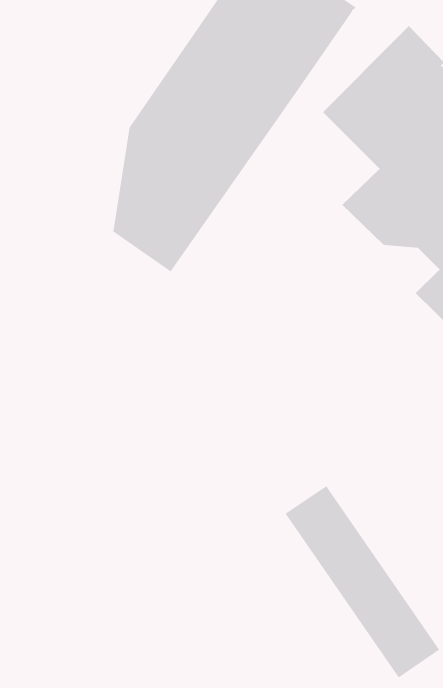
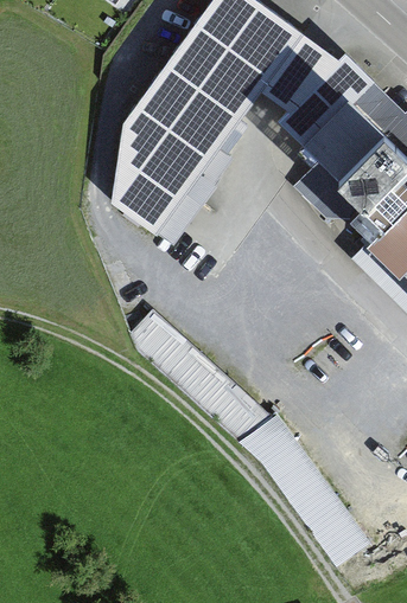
building: none -> [262,38,333,111]

